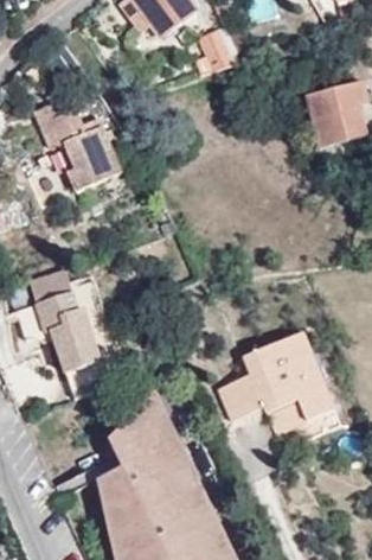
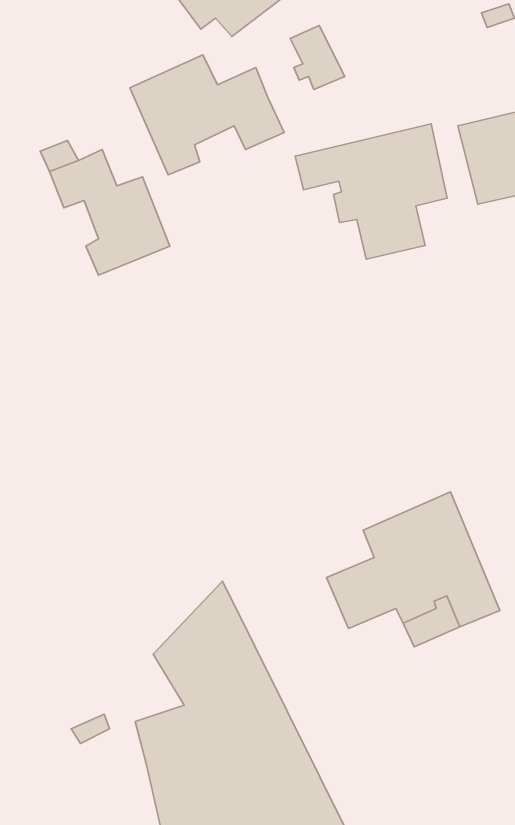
building: none -> [130,55,284,175]
building: none -> [295,124,447,259]
building: [14,267,113,395] -> none

